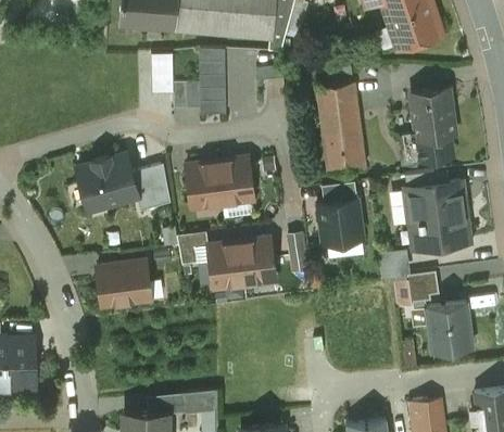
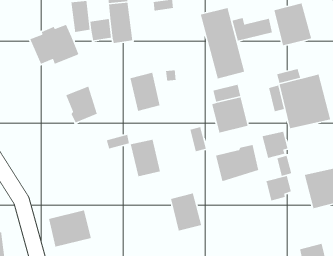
building: [400,131,451,162] -> [232,17,273,42]
building: [76,155,138,206] -> [29,24,79,65]
building: [186,160,222,207] -> none
building: [238,237,275,284] -> [170,192,202,231]
building: [97,261,150,305] -> [48,210,92,247]
building: none -> [215,144,259,182]
building: [406,271,439,303] -> [265,175,292,202]

